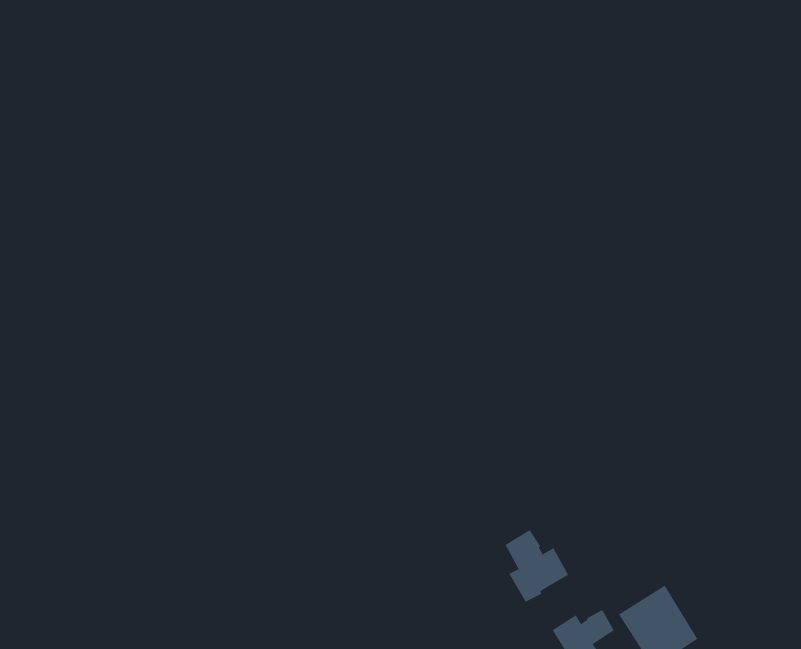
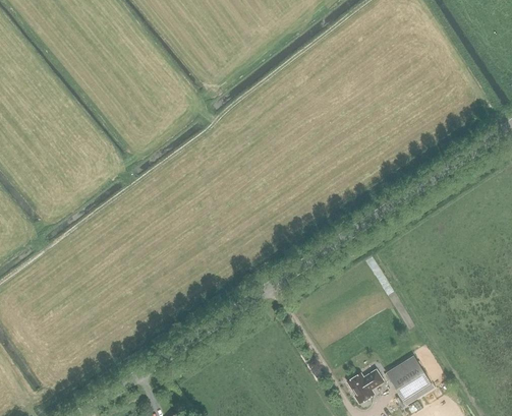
building: [505,529,569,602] -> none

